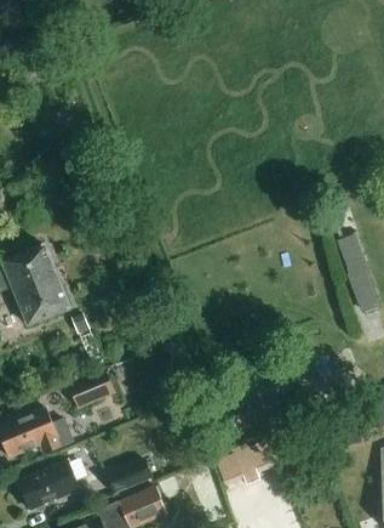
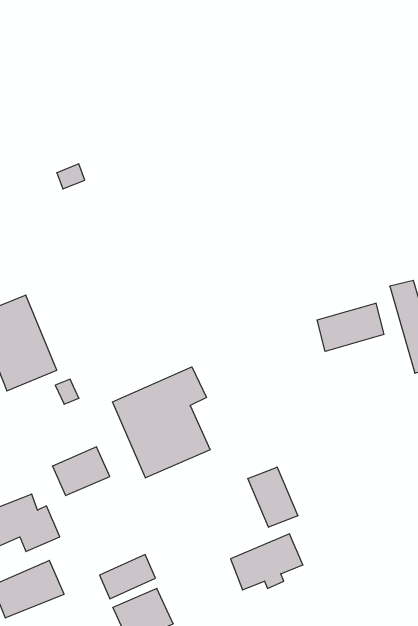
building: none -> [317,303,384,351]
building: none -> [112,367,210,478]
building: none -> [248,467,298,527]

